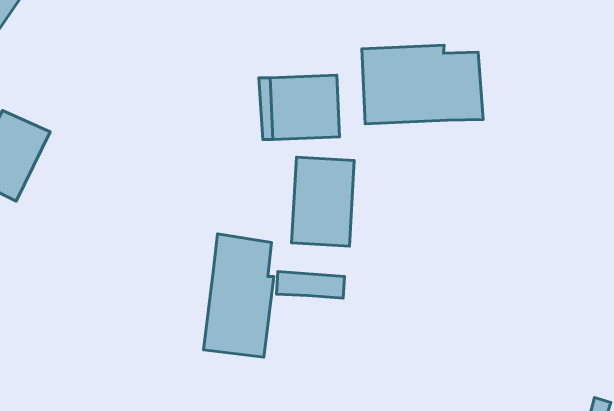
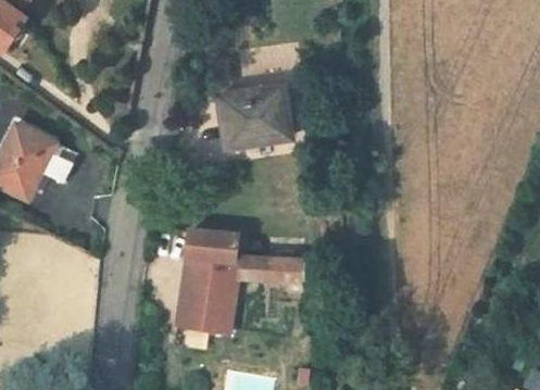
building: [362,45,483,124] -> none
building: [292,157,354,246] -> none

